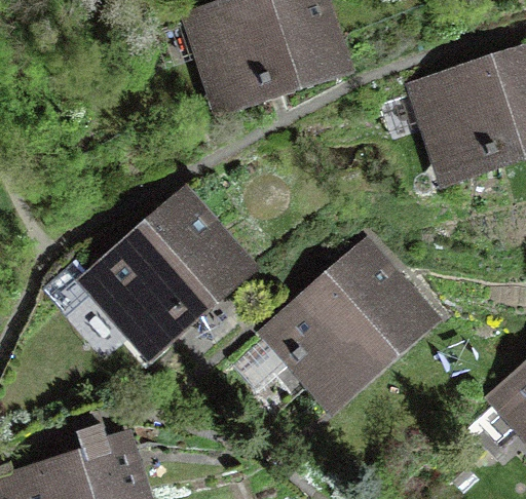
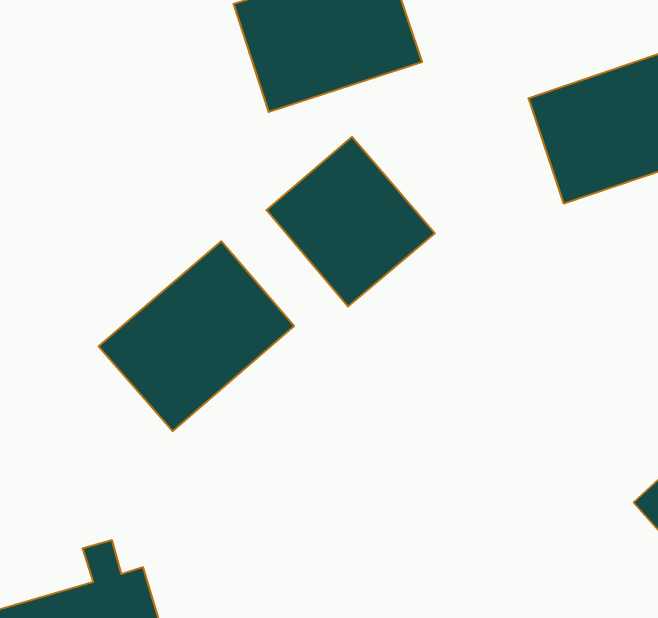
building: none -> [266,137,435,307]
building: [272,252,421,396] -> none

